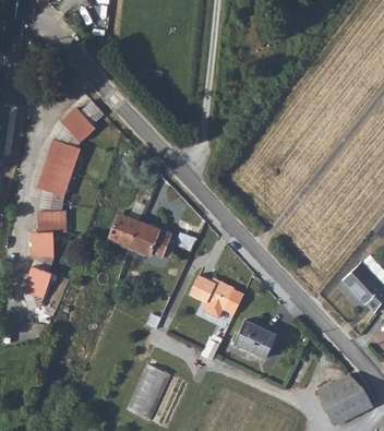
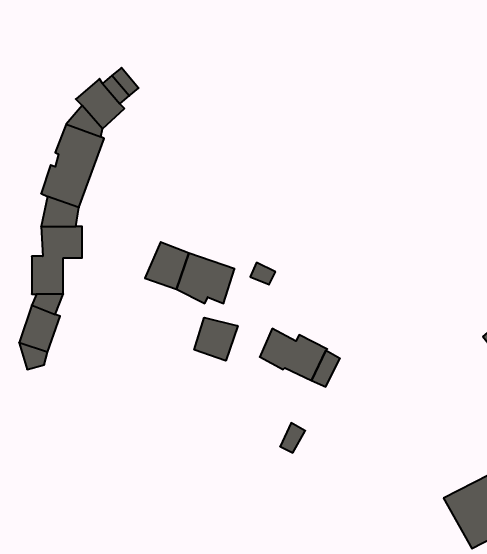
building: none -> [194,318,238,361]
building: [236,318,280,357] -> none
building: [131,364,170,418] -> none

